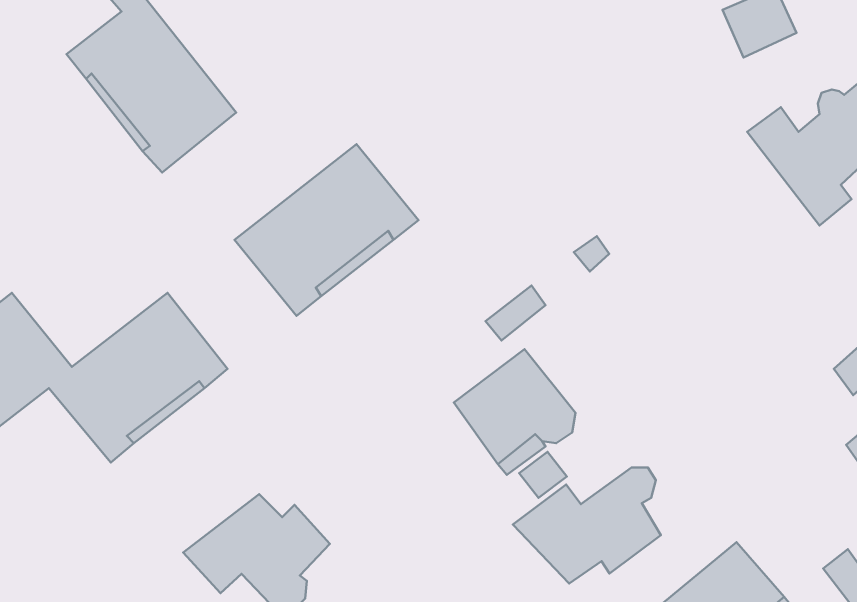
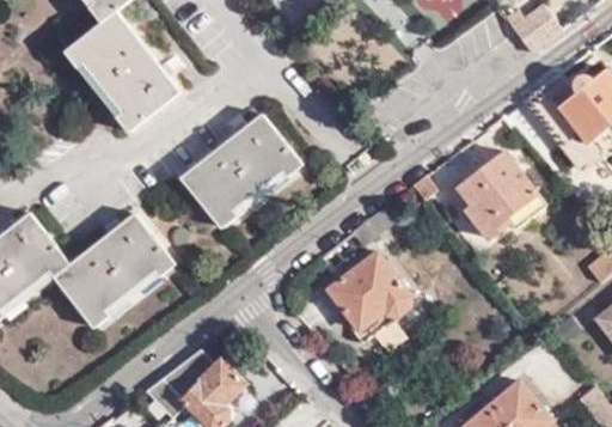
building: none -> [458,151,544,237]
building: [513,467,661,584] -> none

